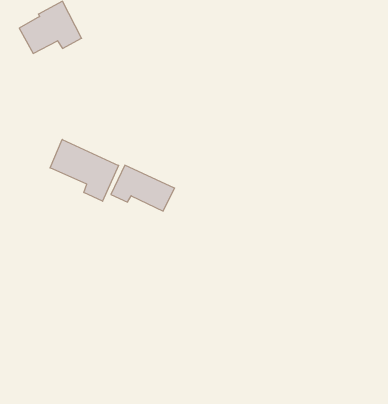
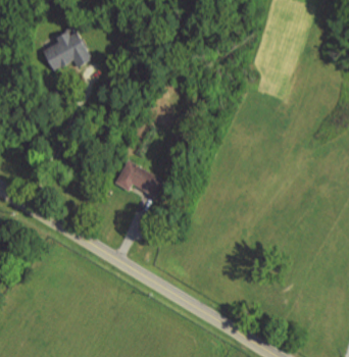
building: [50,139,119,201] -> none

